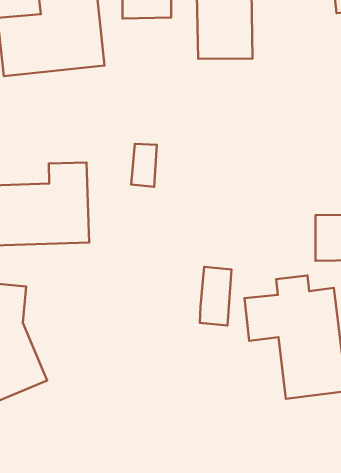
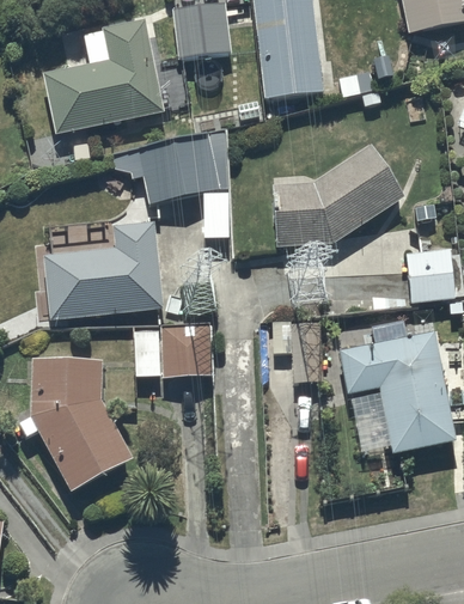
building: none -> [112,129,230,203]
building: none -> [273,144,404,245]
building: none -> [135,323,210,376]

